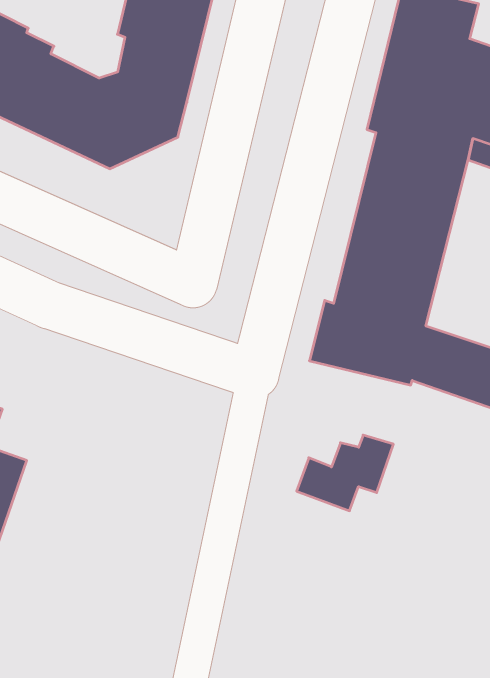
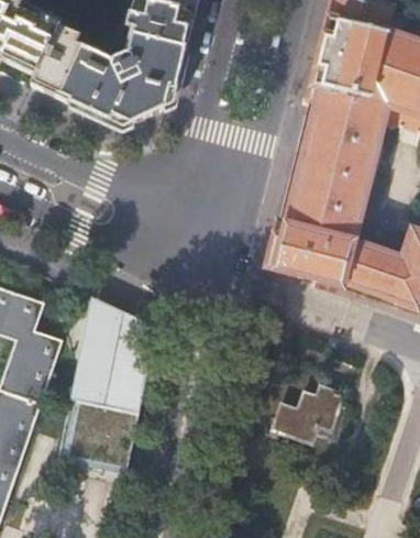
building: none -> [67,298,153,466]
building: [297,435,393,511] -> [270,386,341,441]

